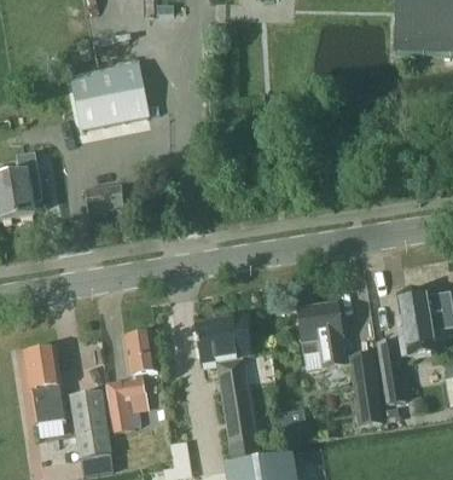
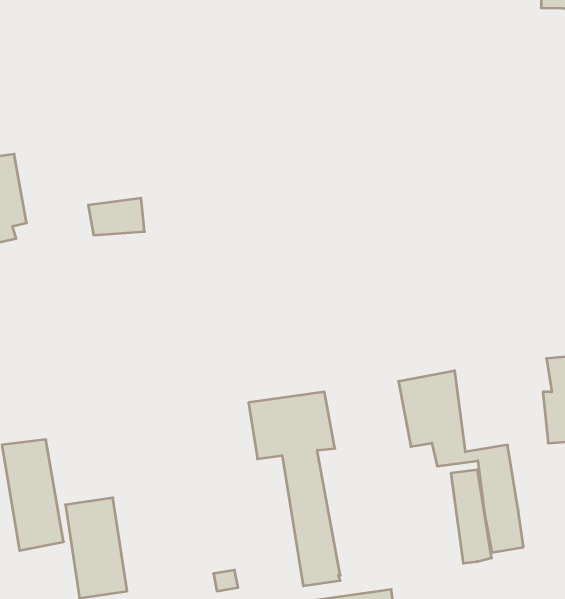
building: [69,62,147,128] -> none
building: [106,330,157,430] -> none
building: [377,339,405,403] -> [451,470,492,563]

